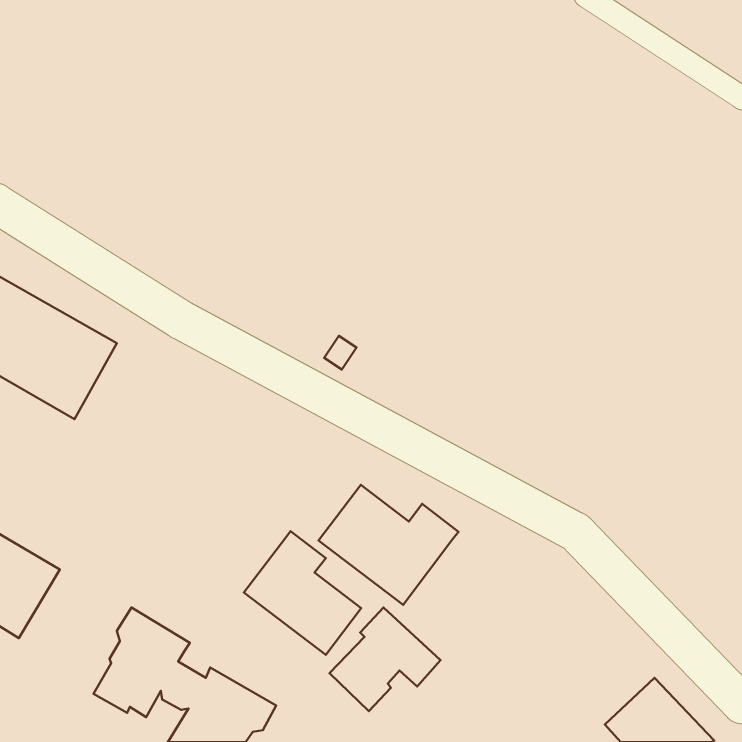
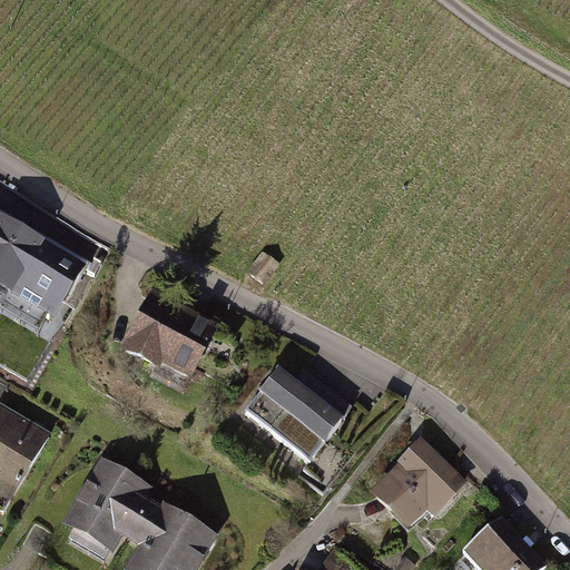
building: none -> [125,298,209,372]
building: [244,531,361,655] -> none
building: [329,608,440,711] -> [375,442,460,521]

